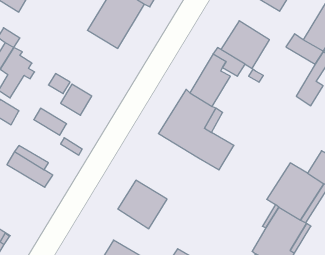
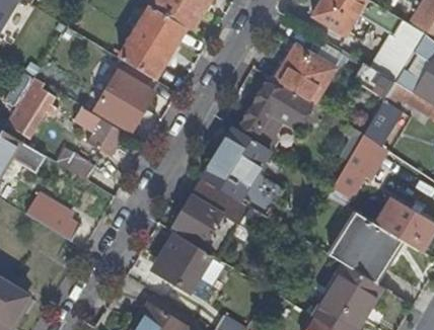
building: none -> [97,70,154,129]
building: none -> [334,134,386,193]
building: none -> [170,177,249,255]

